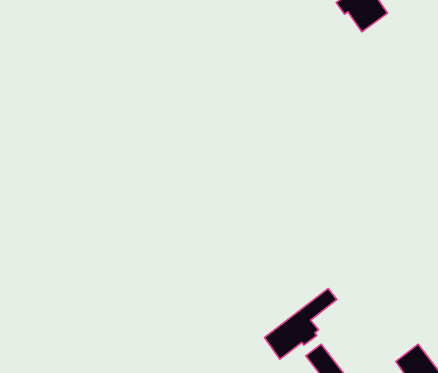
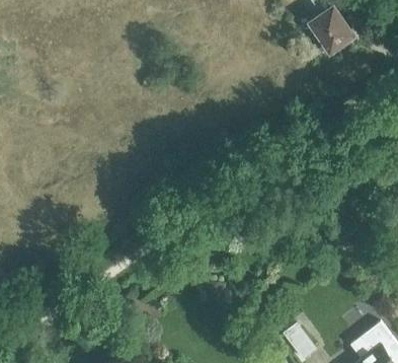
building: [265,289,337,359] -> none

